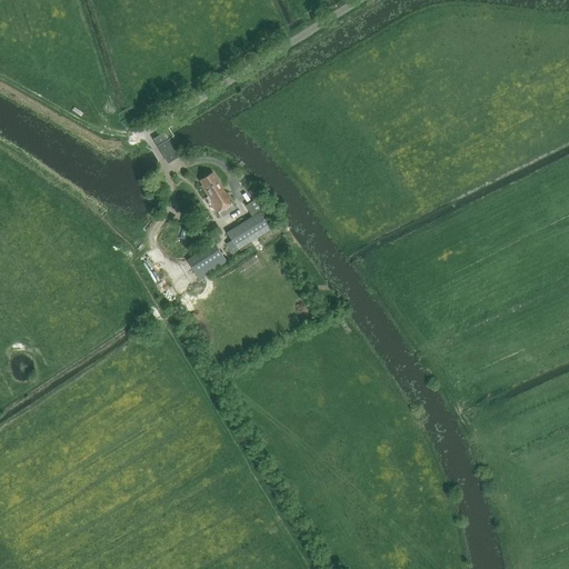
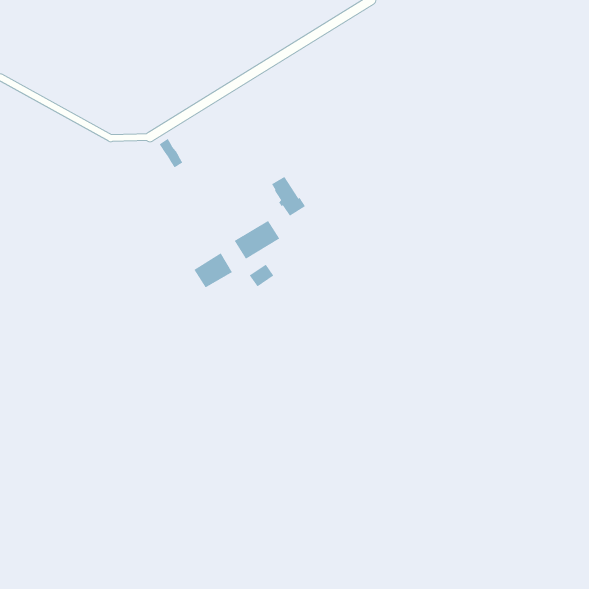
building: [199,172,232,211] -> [271,176,306,216]

